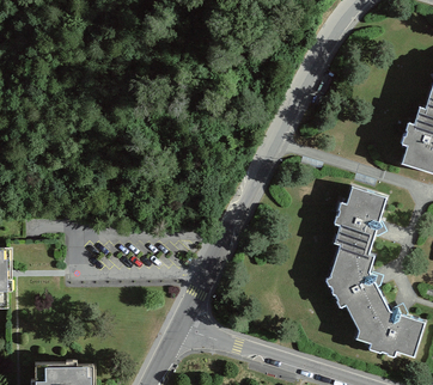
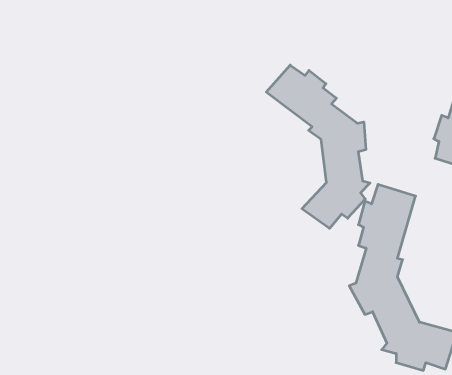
building: none -> [266,65,370,228]

